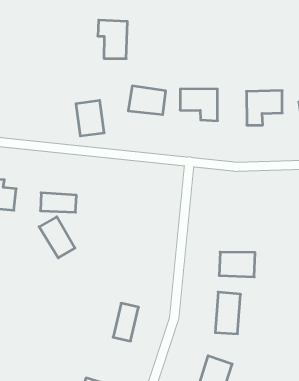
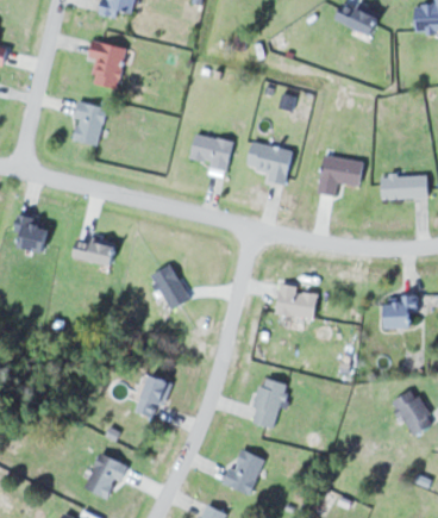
building: [98,20,127,59] -> [88,40,124,88]
building: [76,100,104,136] -> [74,105,101,142]
building: [39,217,75,258] -> [151,264,188,311]
building: [219,252,255,277] -> [274,286,318,319]

